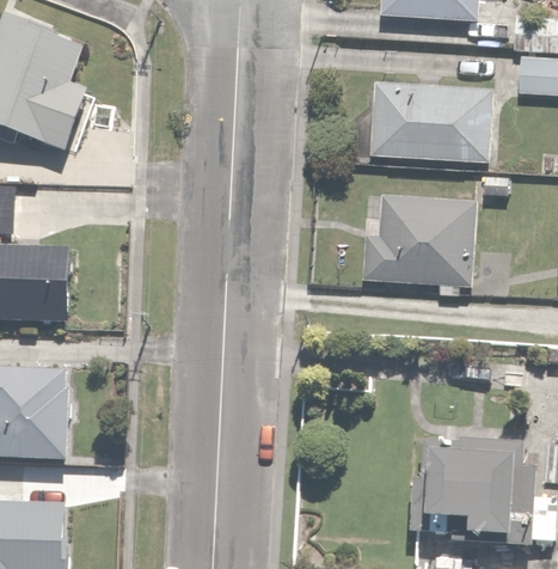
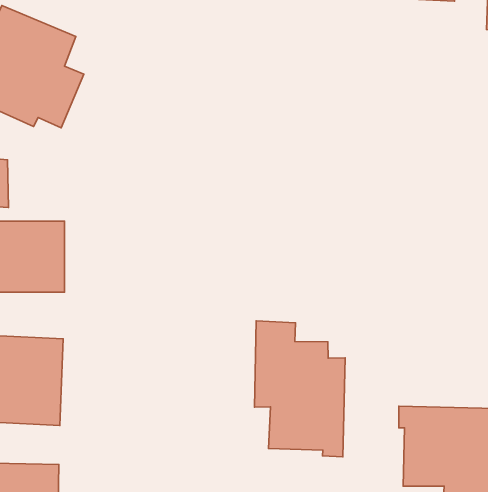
building: [369,79,497,161] -> none
building: [362,198,474,281] -> none
building: none -> [254,321,345,457]

